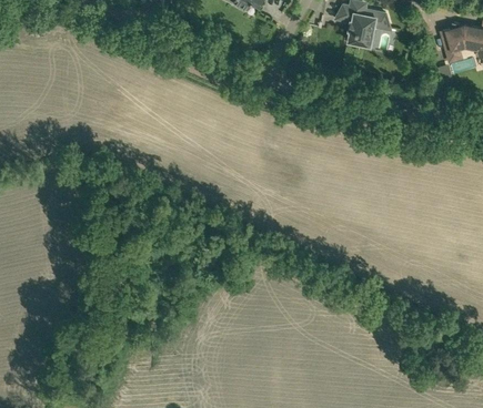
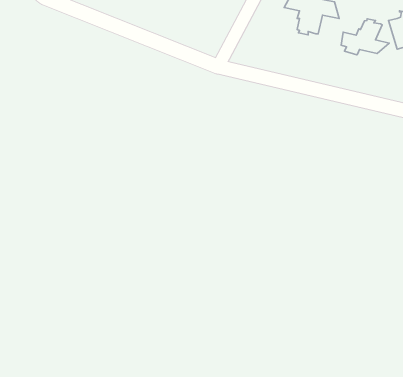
building: none -> [341,19,389,55]

